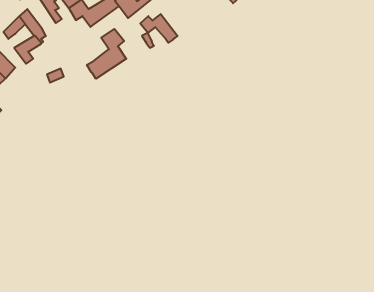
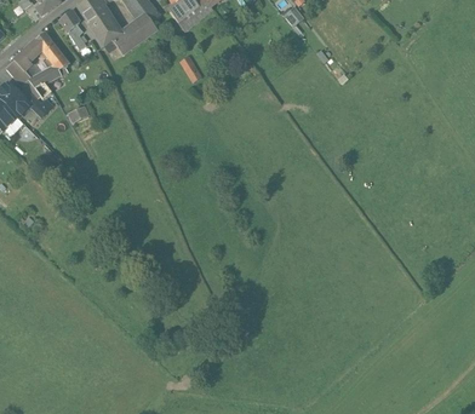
building: [140,14,178,43] -> none
building: [87,29,126,79] -> none

